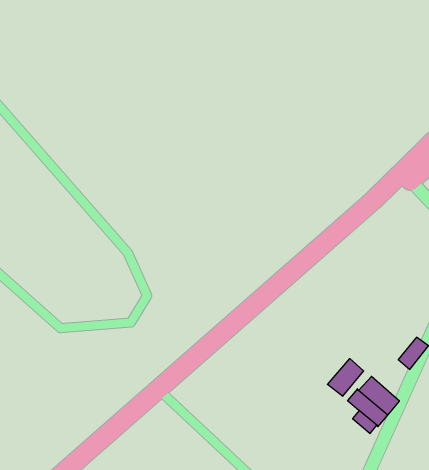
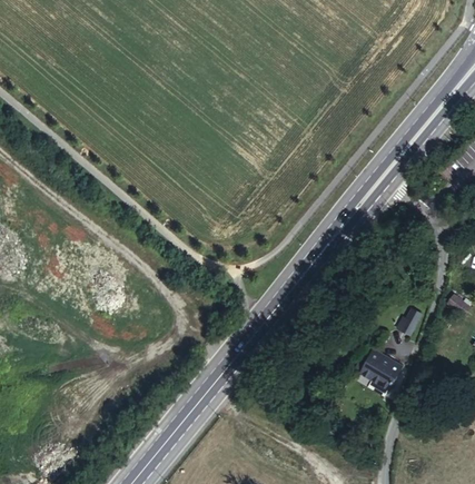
building: [327,359,364,396] -> none

